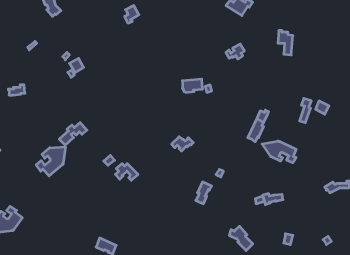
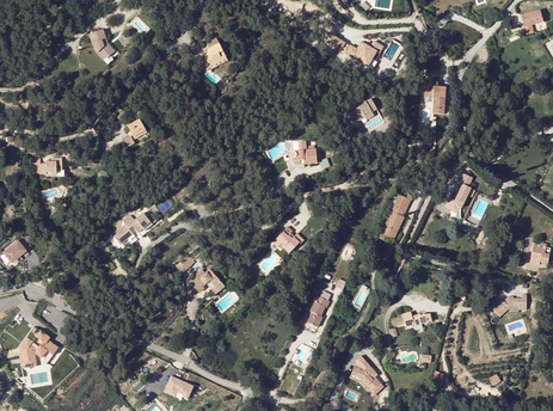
building: [262,141,296,163] -> none
building: [36,147,65,176] -> none

